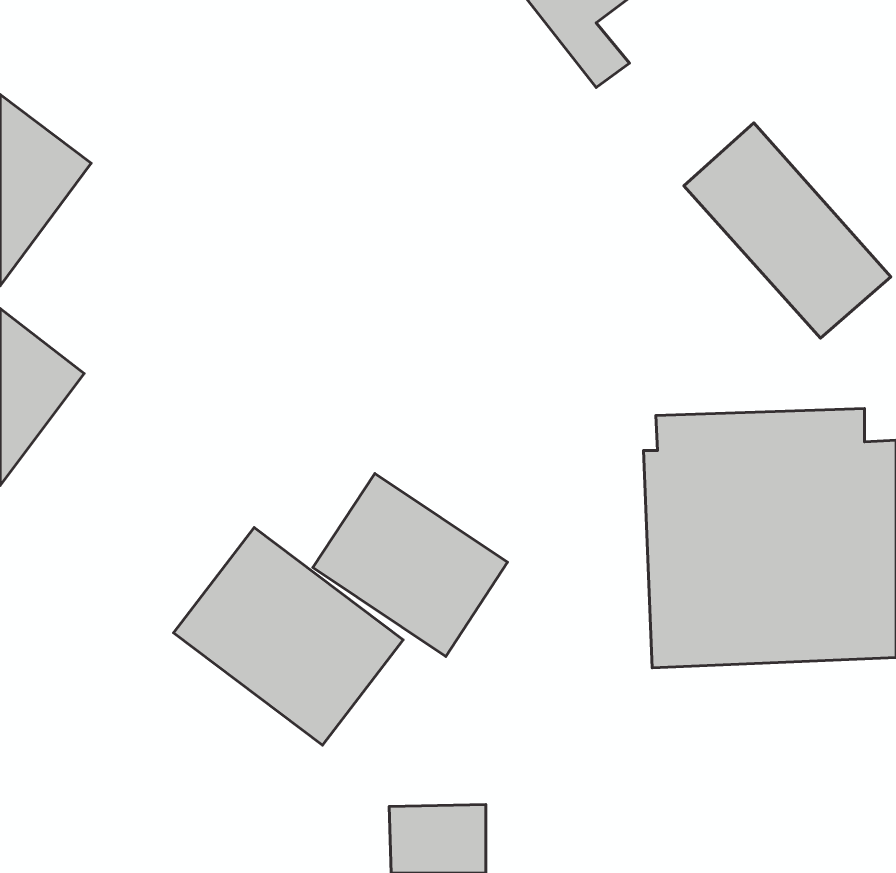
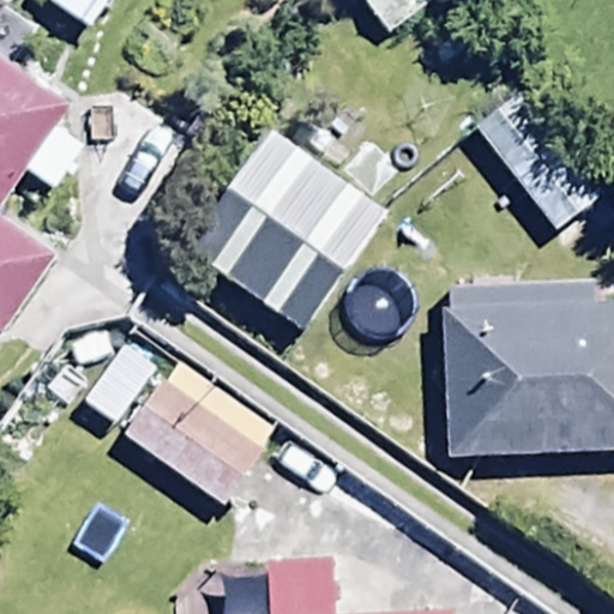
building: none -> [185,128,391,335]
building: [313,473,508,656] -> none

